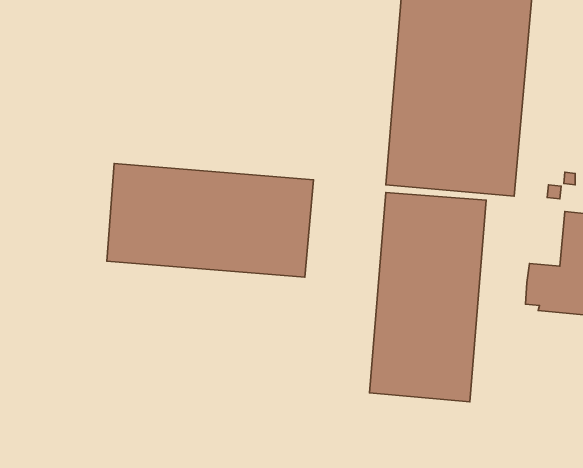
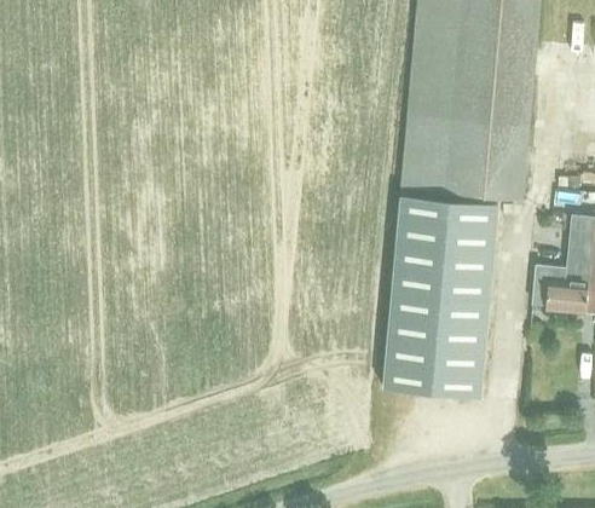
building: [107,163,314,277] -> none

